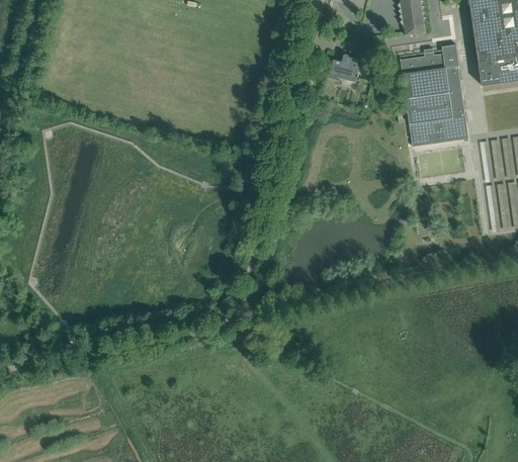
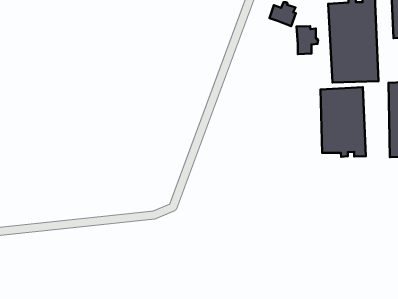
building: none -> [297,26,318,54]
building: none -> [320,87,366,157]

